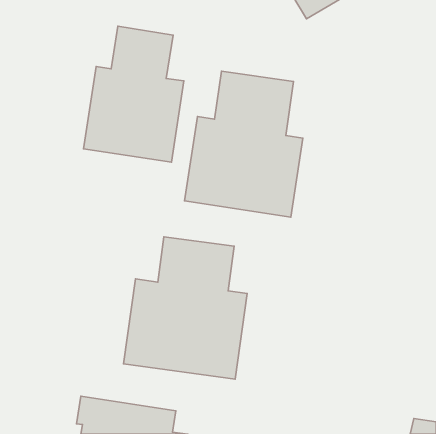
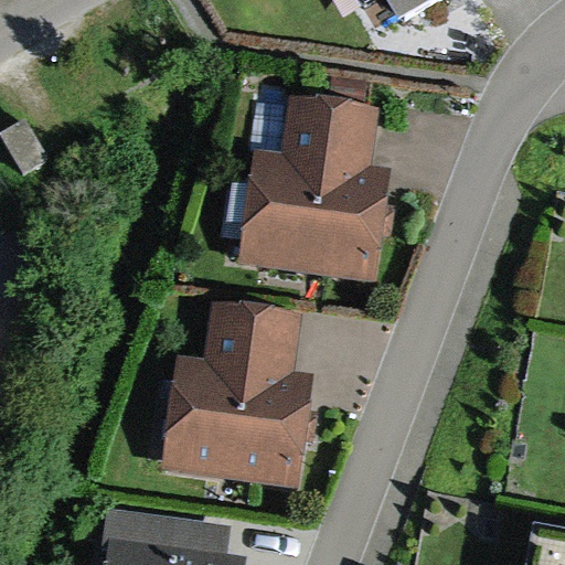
building: [84,26,184,162] -> none

